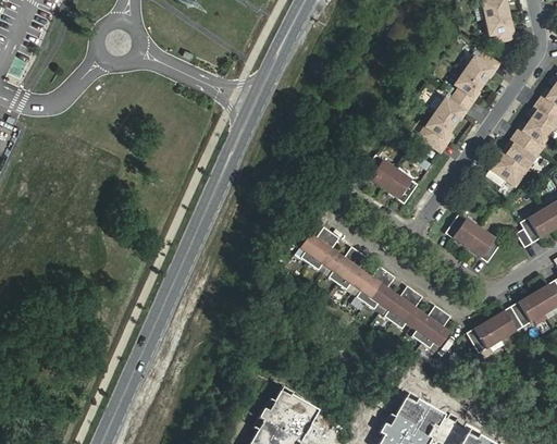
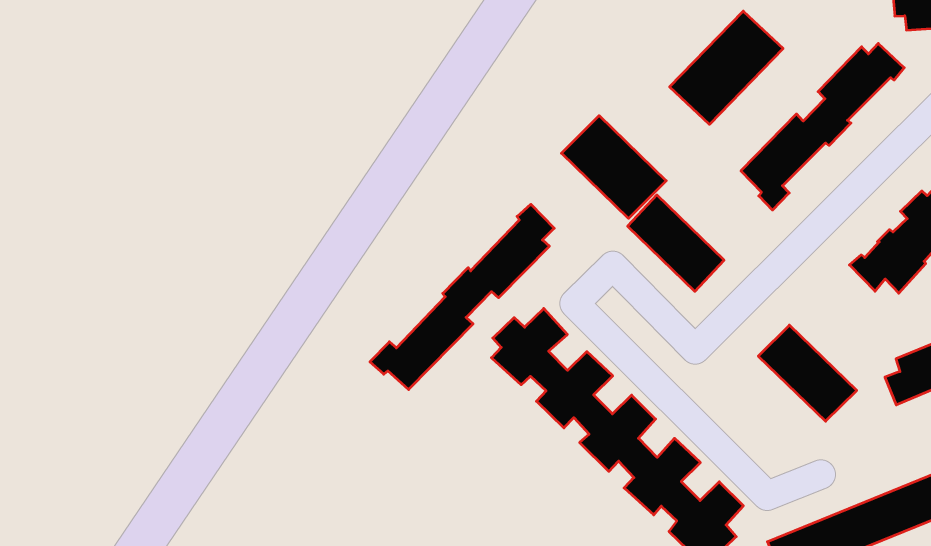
building: none -> [670,11,783,124]
building: none -> [561,116,666,218]
building: none -> [370,204,554,390]

